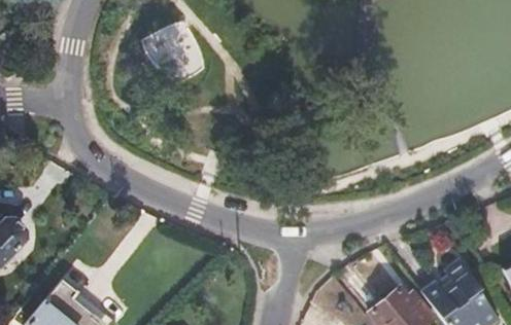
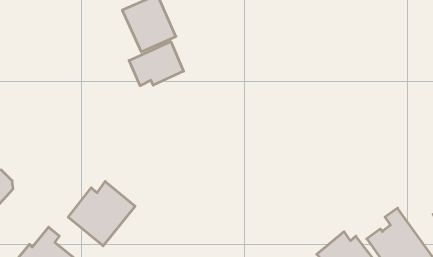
building: none -> [129,42,184,86]
building: none -> [68,181,135,246]

